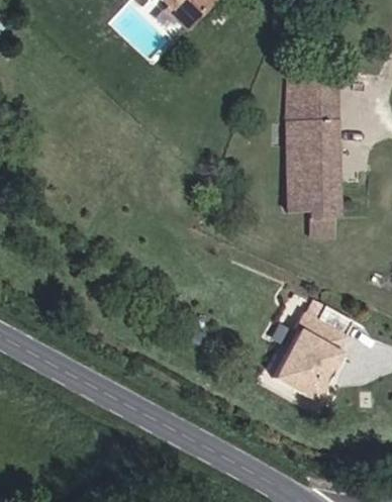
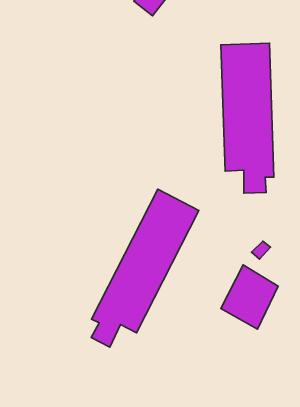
building: none -> [91,189,199,347]

